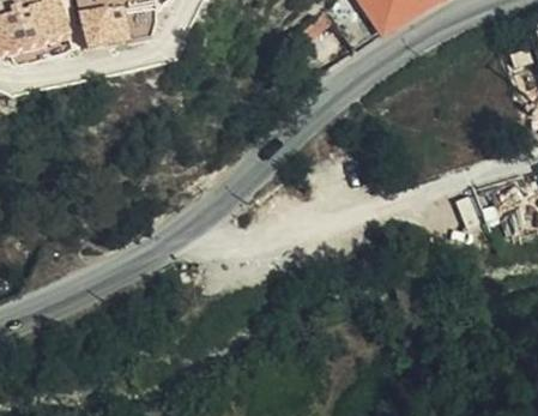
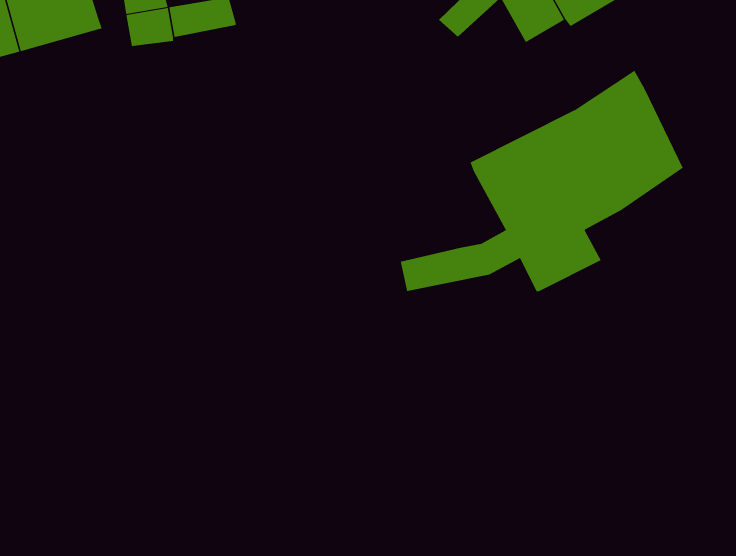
building: none -> [400,70,684,292]

